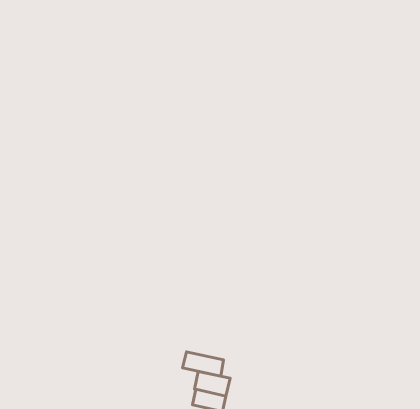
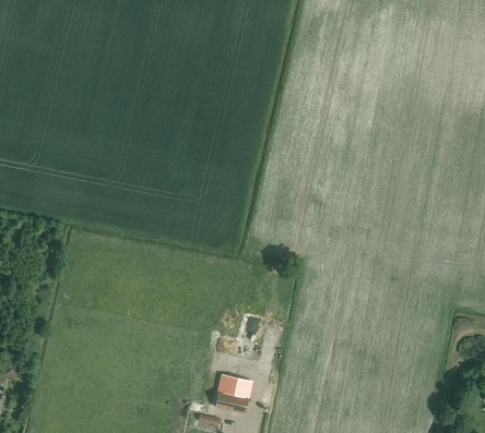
building: [183,352,223,376] -> none

